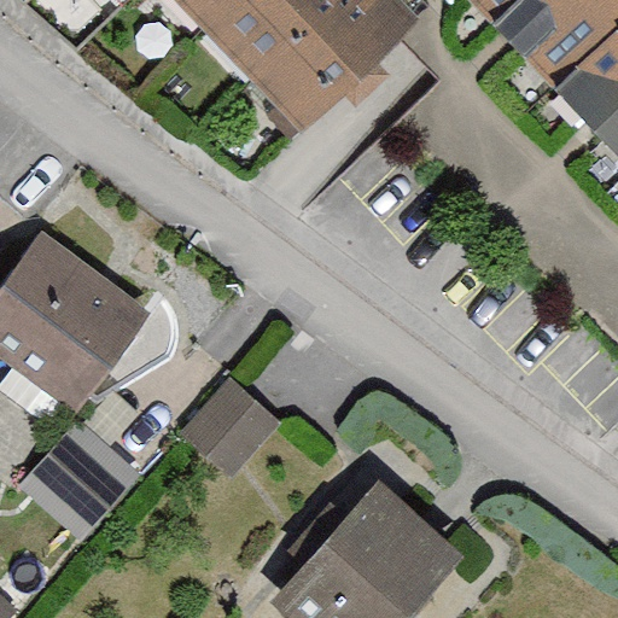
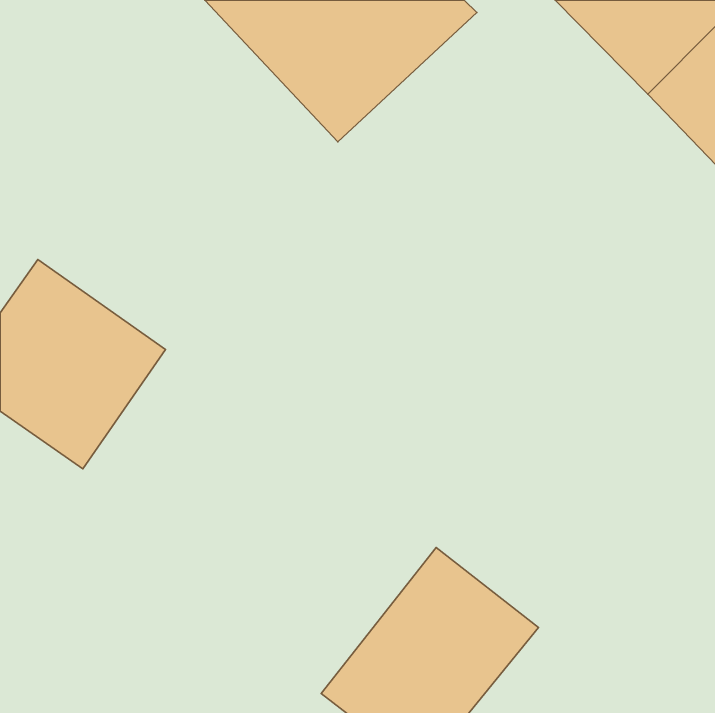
building: [179,383,273,477] -> none
building: [27,430,136,540] -> none

